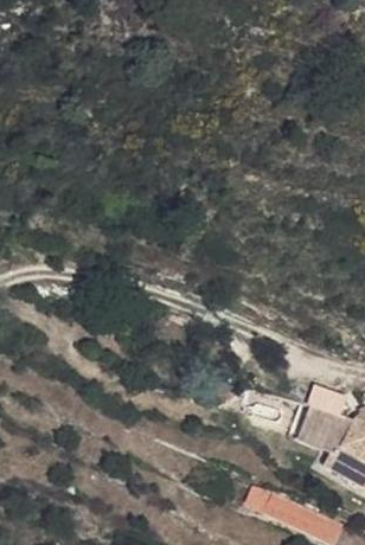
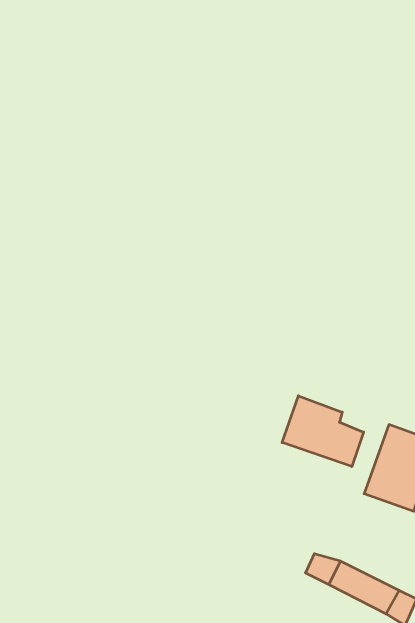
building: none -> [282,396,364,467]

